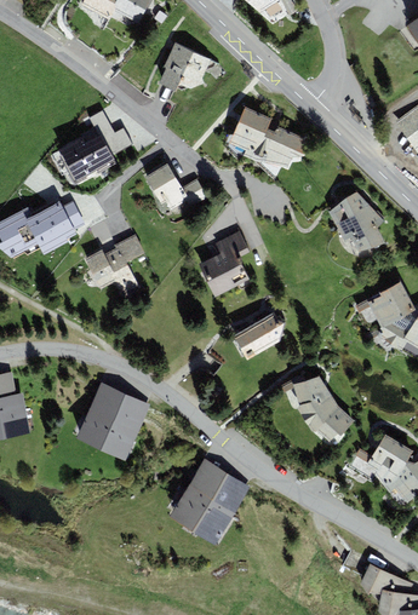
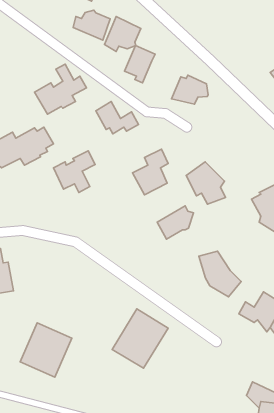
building: none -> [73,10,110,40]
building: [228,107,271,160] -> [125,46,155,83]
building: [328,192,384,253] -> [186,162,225,204]
building: [75,383,149,460] -> [20,323,72,377]

